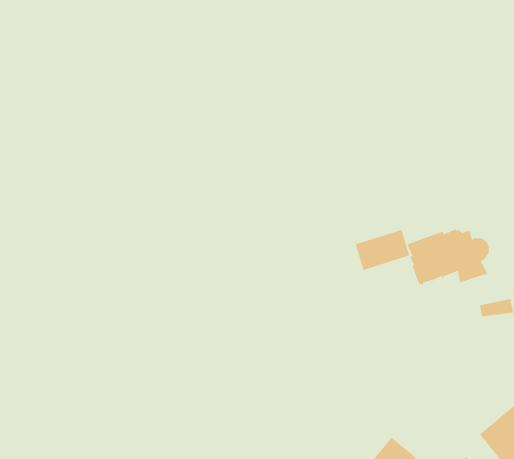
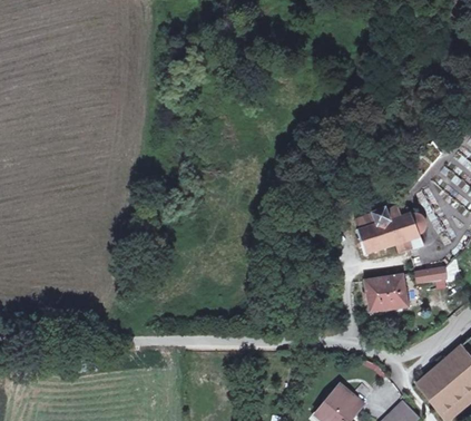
building: [355,229,410,271] -> none
building: none -> [364,274,408,312]

